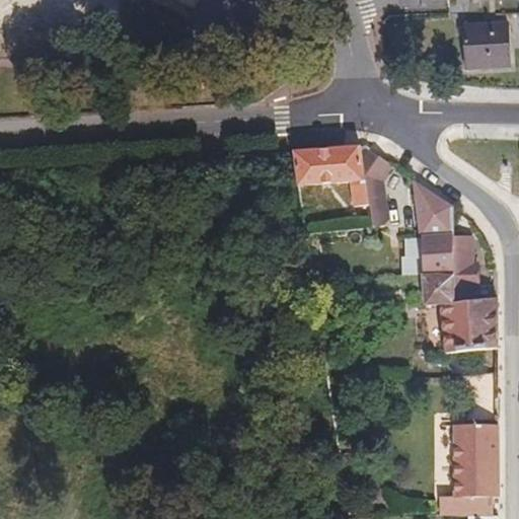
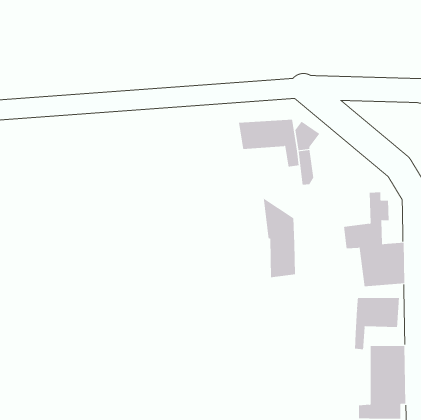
building: [462,20,509,68] -> none
building: [413,179,453,278] -> [263,198,296,278]
building: none -> [355,297,400,350]

